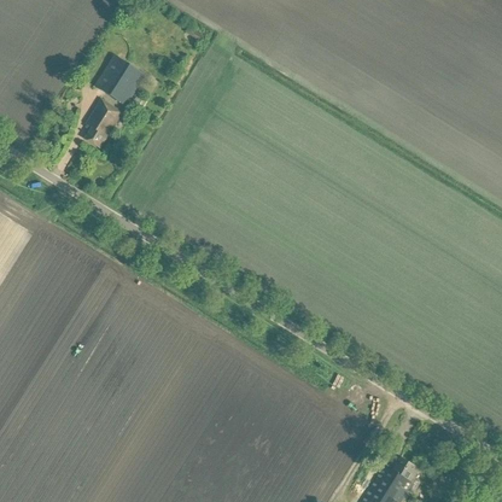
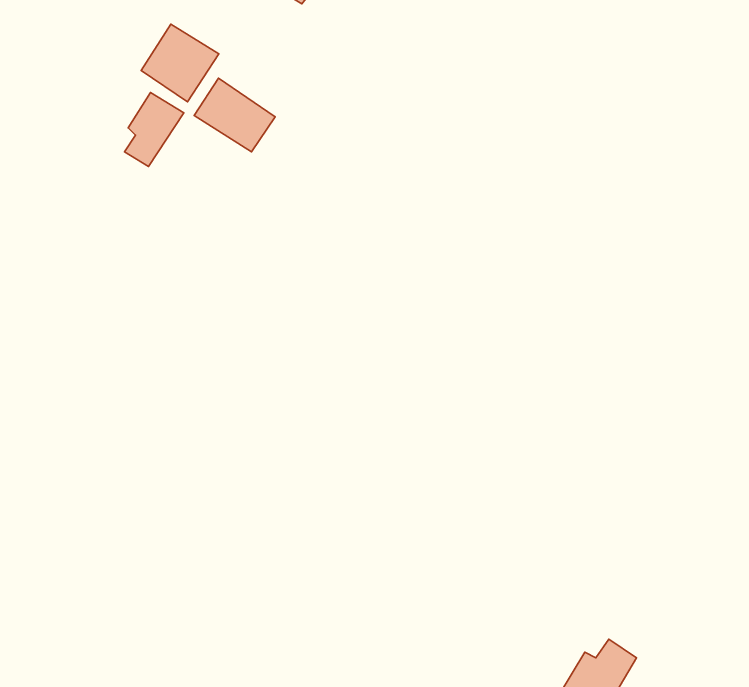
building: none -> [194,78,275,152]

